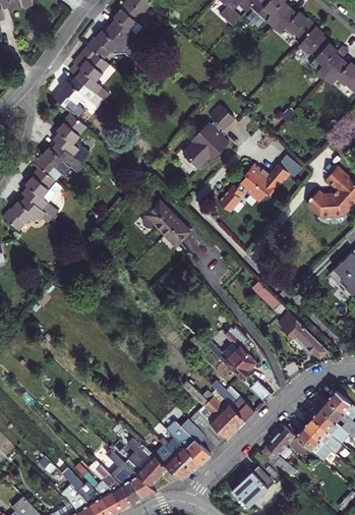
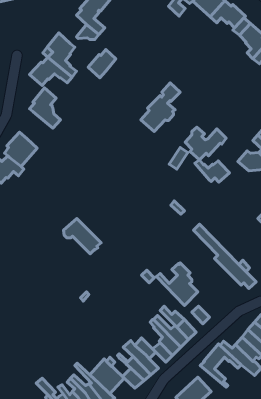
building: [87,25,121,60] -> [88,50,116,78]
building: [35,142,84,181] -> none
building: none -> [195,160,230,182]
building: [144,203,190,245] -> [63,219,101,254]

